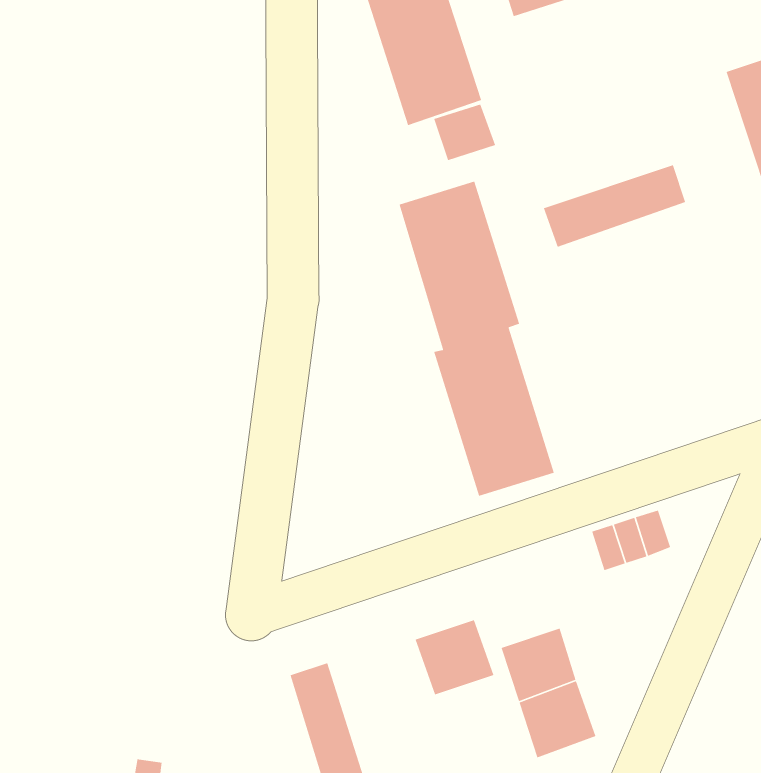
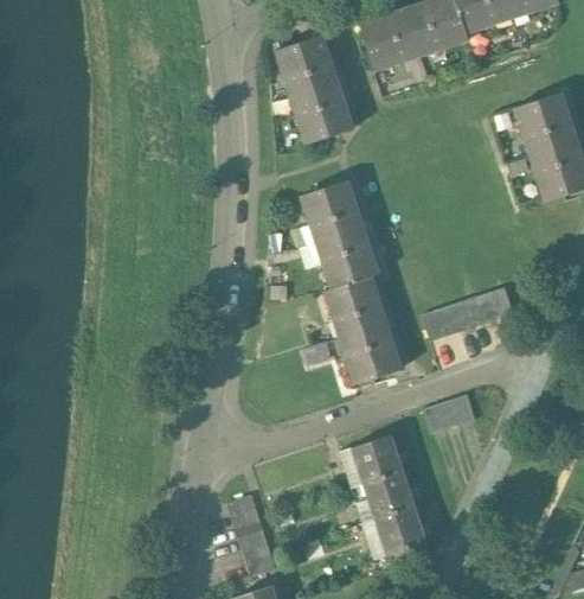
building: [433,104,496,161] -> none
building: [543,164,686,248] -> [419,287,513,342]
building: [415,619,494,695] -> [352,434,404,484]

